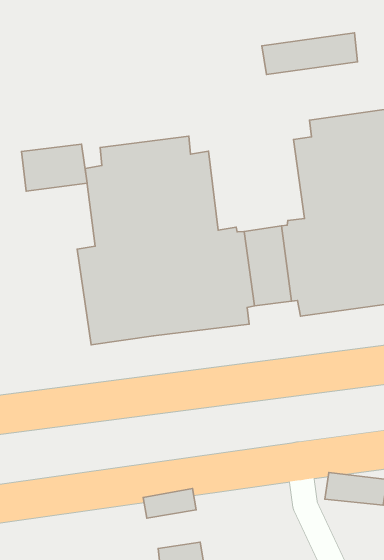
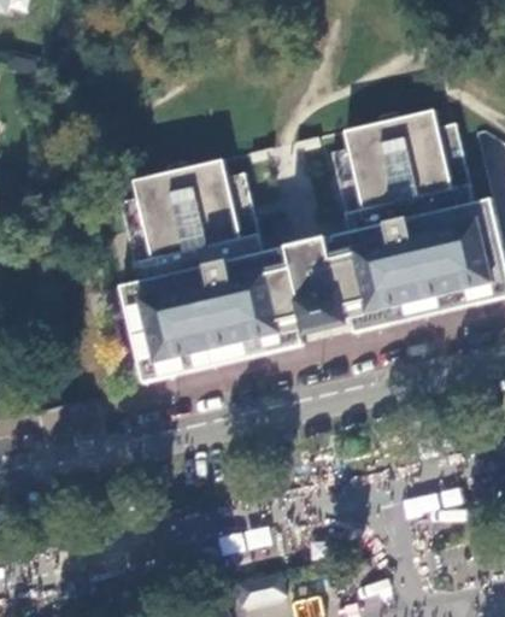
building: [262,33,358,74] -> none
building: [22,144,87,191] -> none

